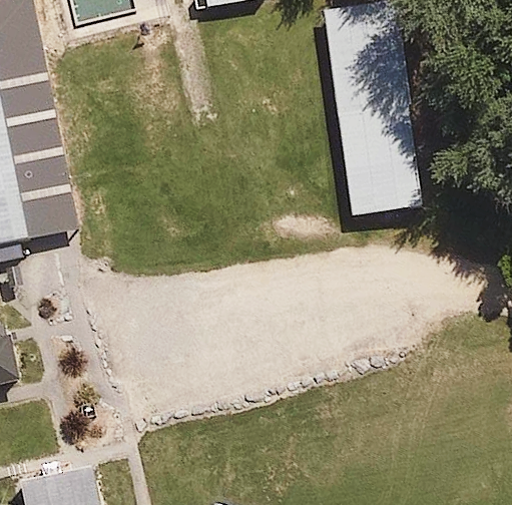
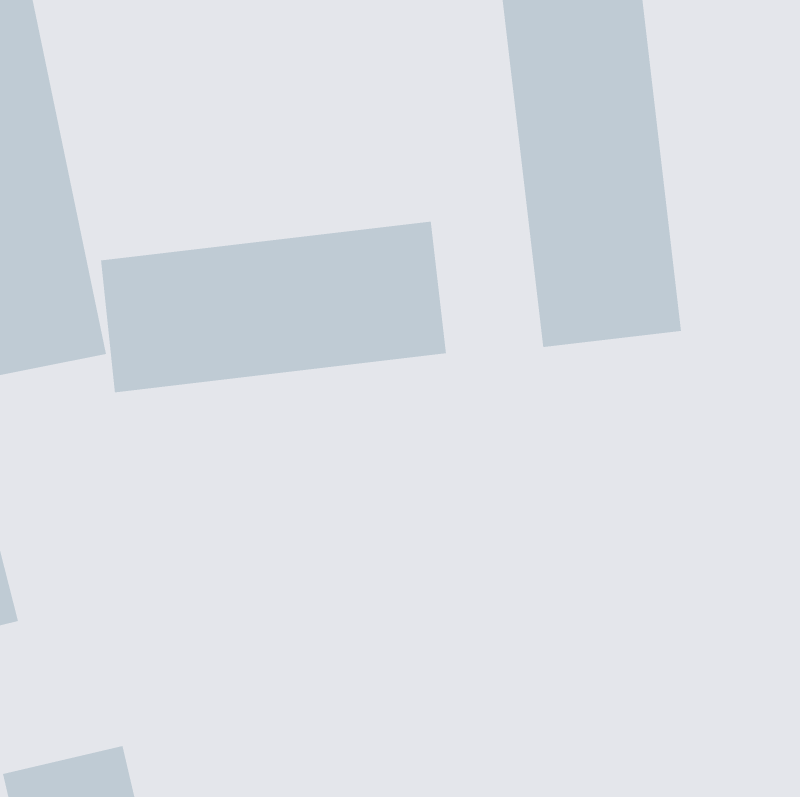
building: none -> [101,221,447,393]

